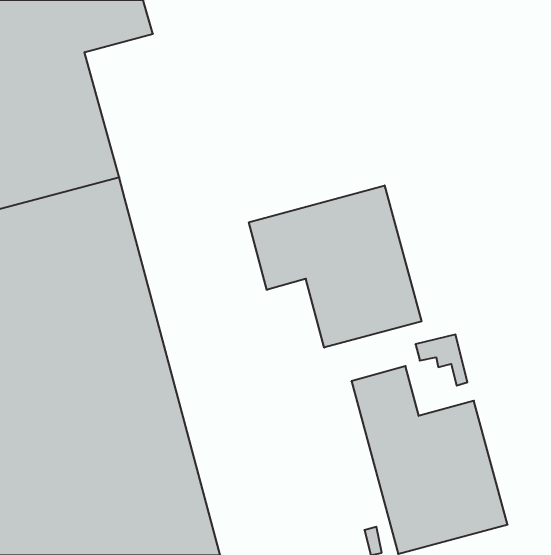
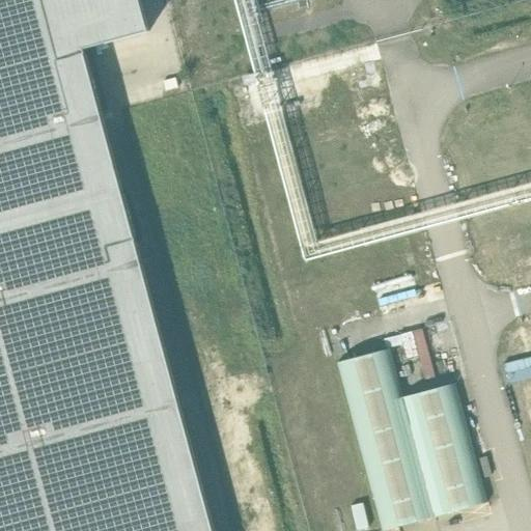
building: [249,185,422,348] -> none

